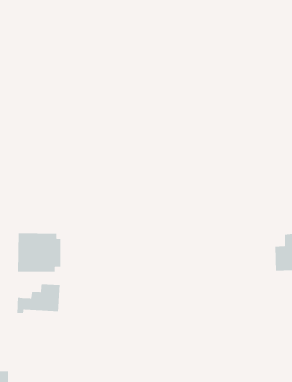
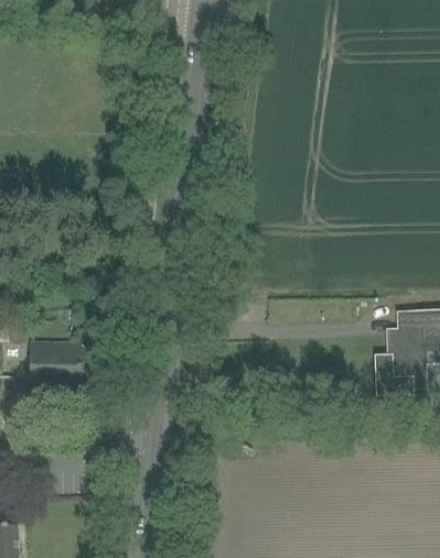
building: [16,284,61,314] -> none

